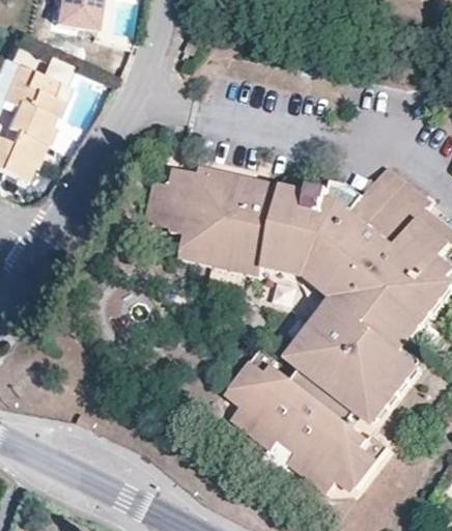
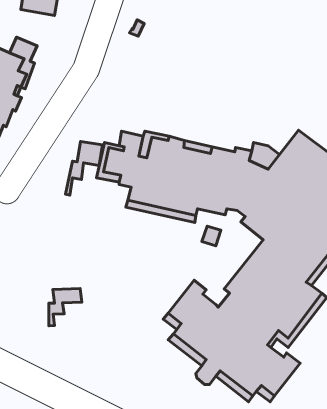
building: none -> [65,141,103,195]
building: [262,260,343,379] -> none
building: none -> [49,288,82,326]

